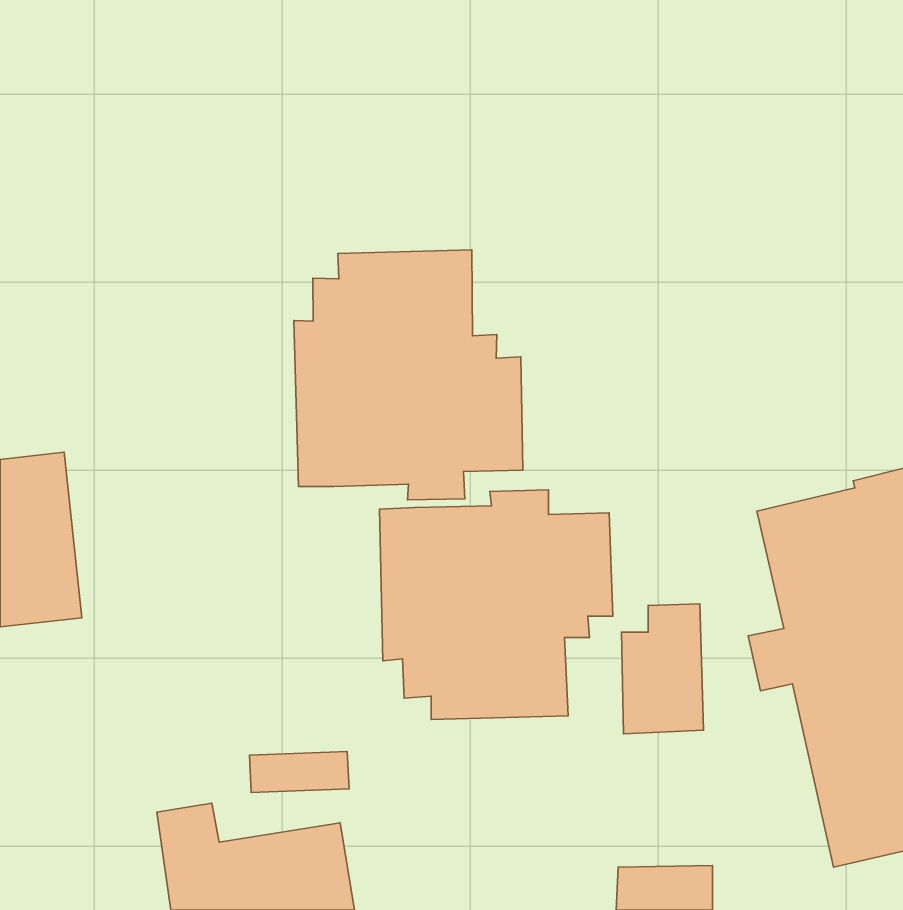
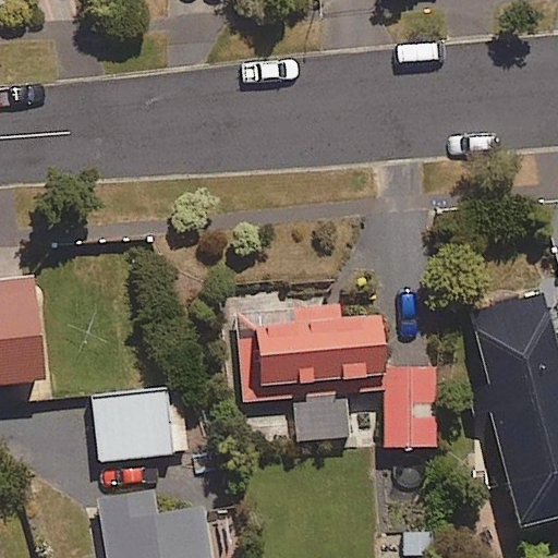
building: [294,250,523,500] -> none
building: none -> [48,389,180,458]

